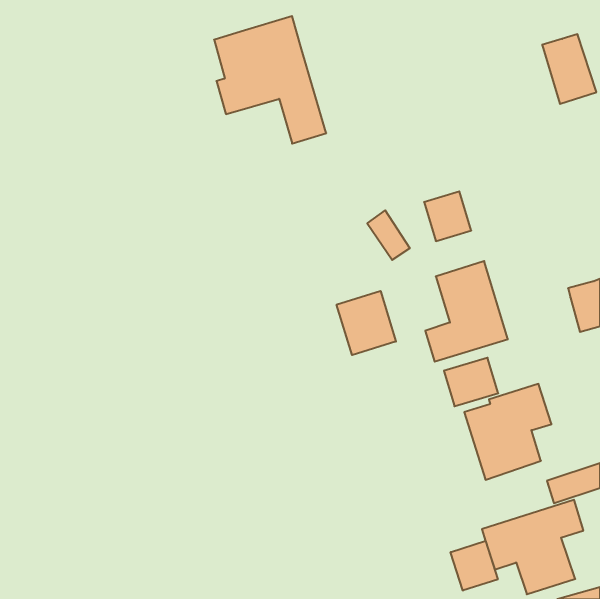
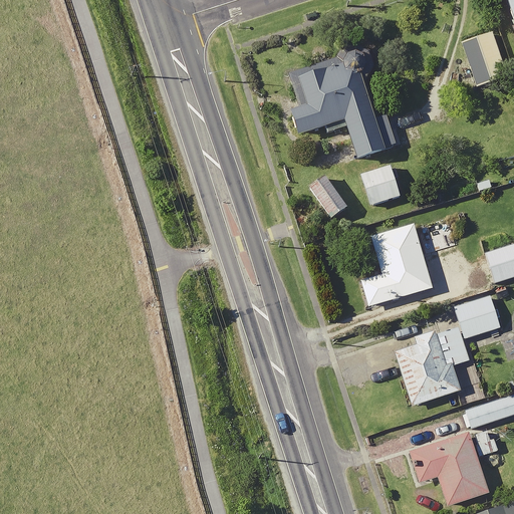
building: [214,16,326,144] -> [292,55,388,164]
building: [337,291,396,355] -> none
building: [444,358,498,406] -> [453,295,499,336]
building: [451,541,498,591] -> none

